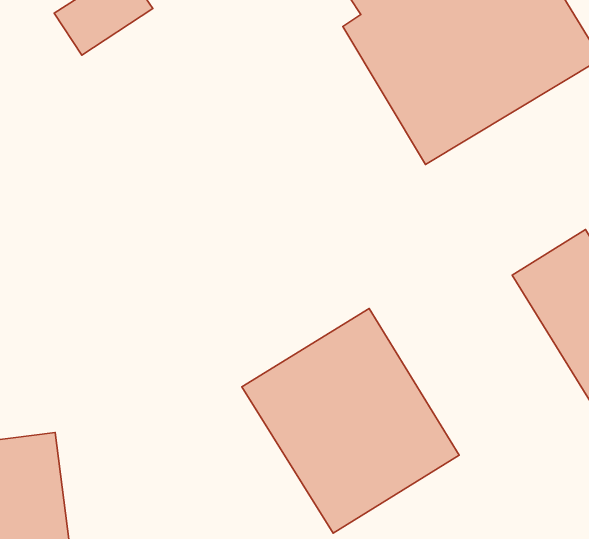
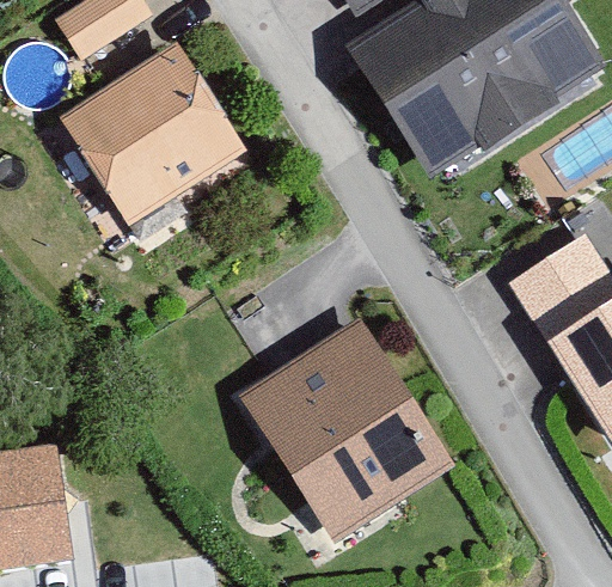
building: none -> [59,38,249,227]

